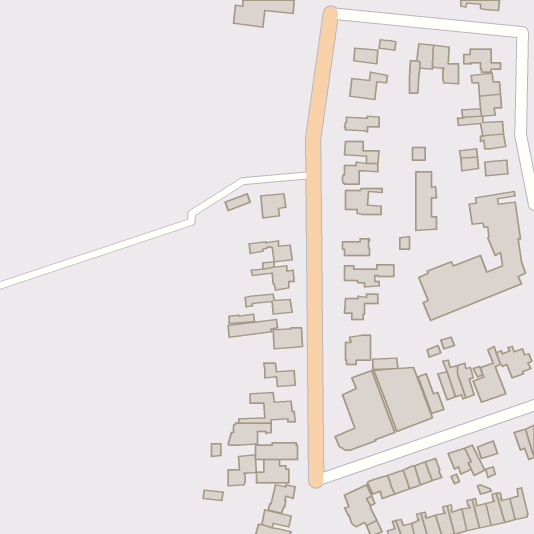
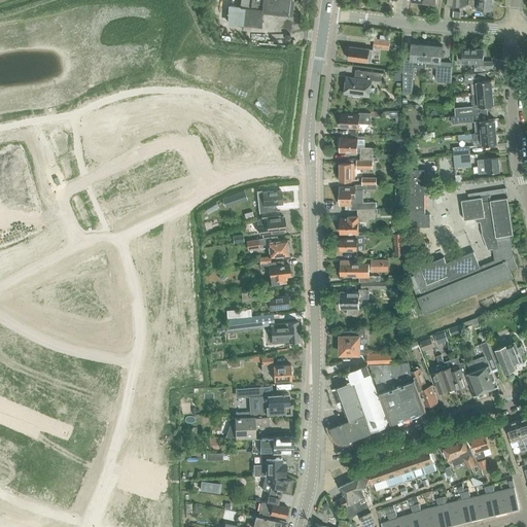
building: none -> [337,212,374,235]
building: none -> [256,213,284,235]
building: [228,455,256,486] -> none

